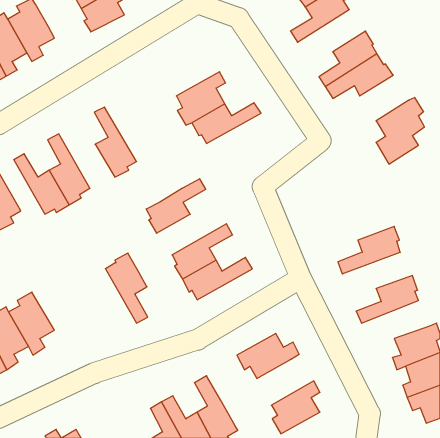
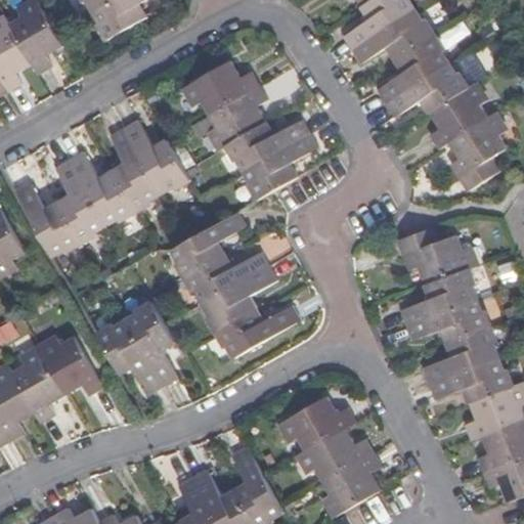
building: none -> [352,11,433,64]
building: none -> [185,60,260,114]
building: none -> [426,85,484,149]
building: none -> [124,118,191,191]
building: none -> [245,134,316,201]
building: none -> [70,150,136,223]
building: none -> [397,227,474,285]
building: none -> [185,251,268,302]
building: none -> [405,299,488,342]
building: none -> [97,318,162,390]
building: none -> [38,334,101,392]
building: none -> [428,356,510,401]
building: none -> [298,426,372,480]

